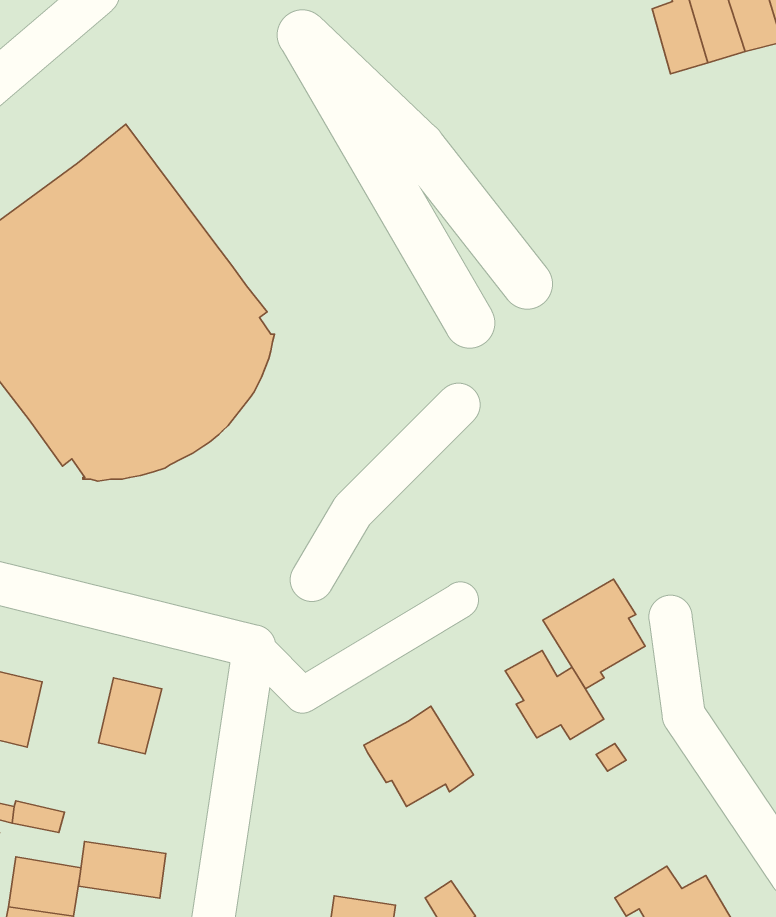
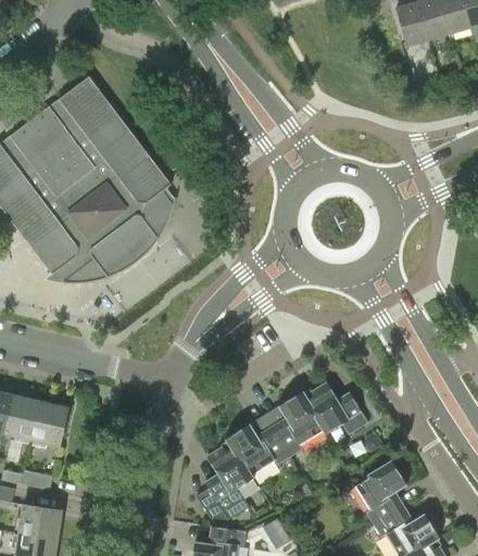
building: [543,579,645,689] -> [266,391,326,455]
building: [99,678,162,754] -> [30,401,67,445]
building: none -> [197,442,255,519]
building: none -> [360,460,410,527]
building: [79,841,166,898] -> none

